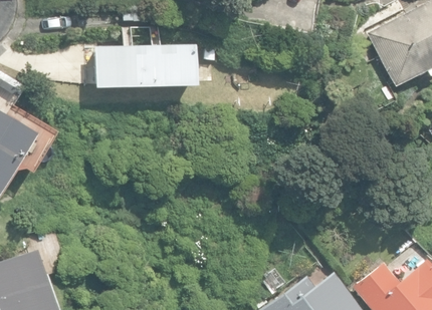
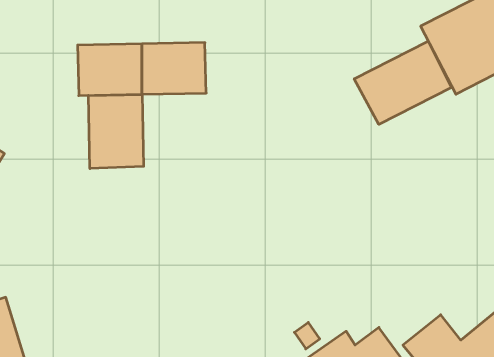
building: none -> [354,41,452,124]
building: none -> [88,95,144,169]

